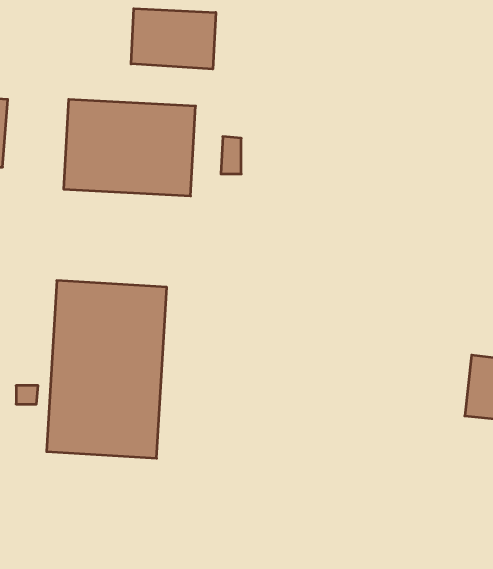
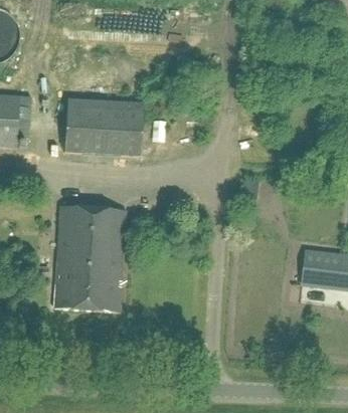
building: [131,9,216,69] -> none

